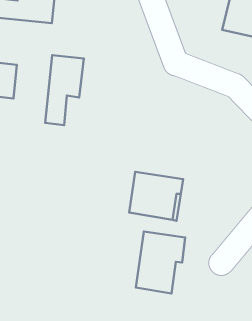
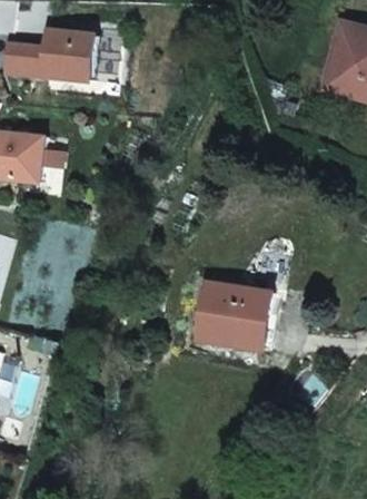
building: [45,55,84,125] -> none
building: [136,231,185,293] -> none

